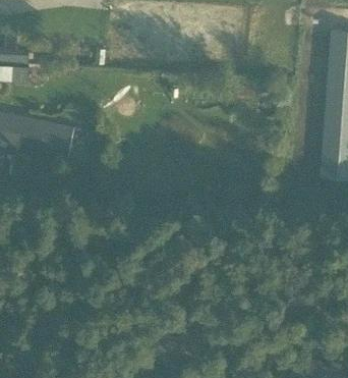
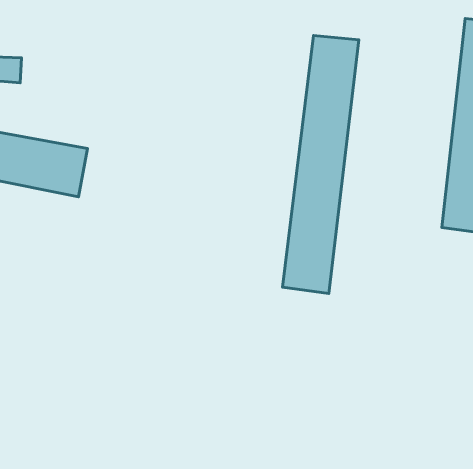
building: none -> [283,35,359,294]

